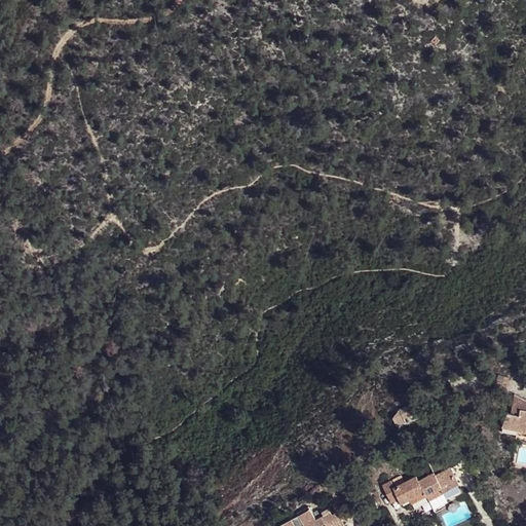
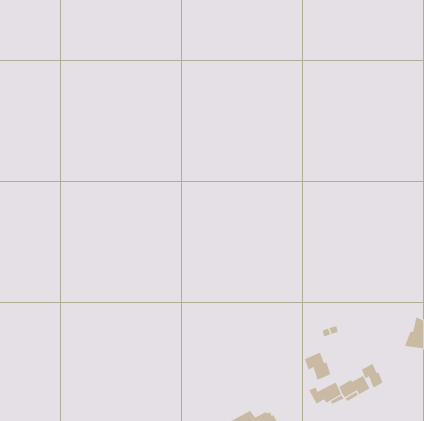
building: none -> [304,352,331,381]
building: none -> [361,363,383,388]

